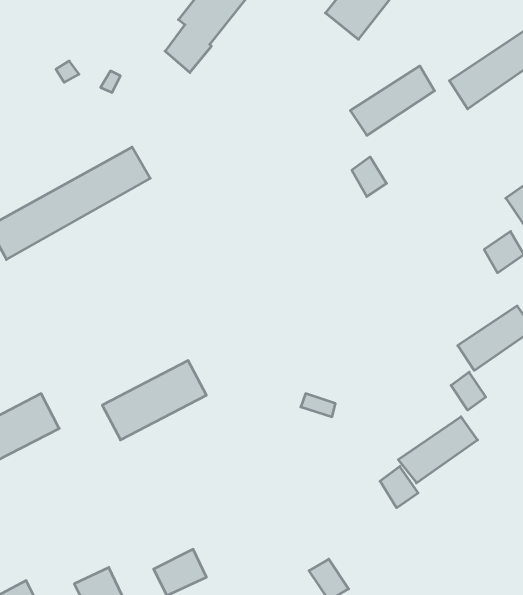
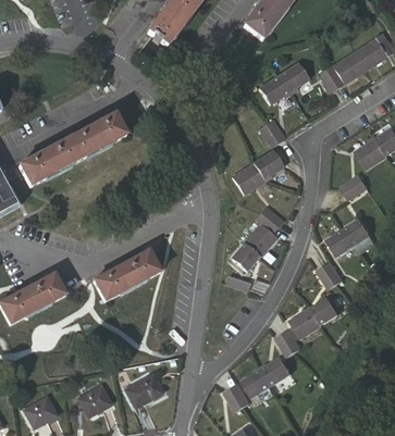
building: none -> [232,147,284,194]
building: none -> [234,203,283,269]
building: none -> [247,353,297,396]

